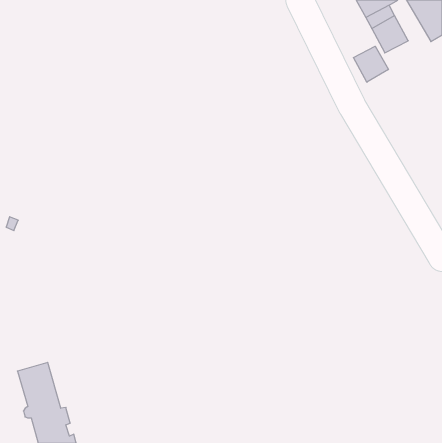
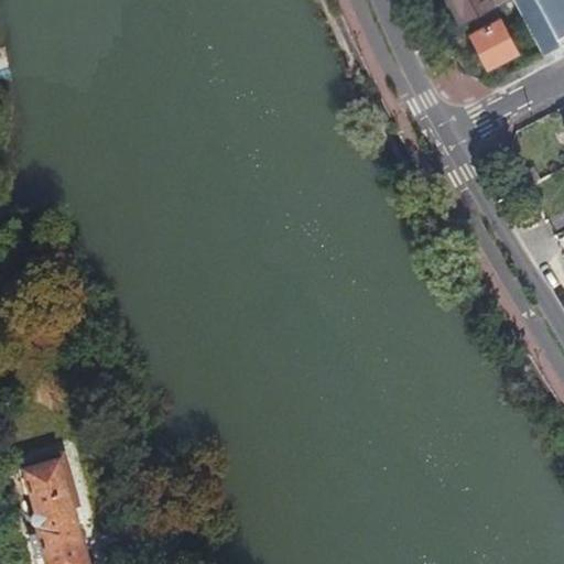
building: [353,46,388,82] -> none

